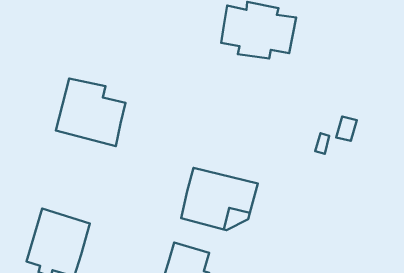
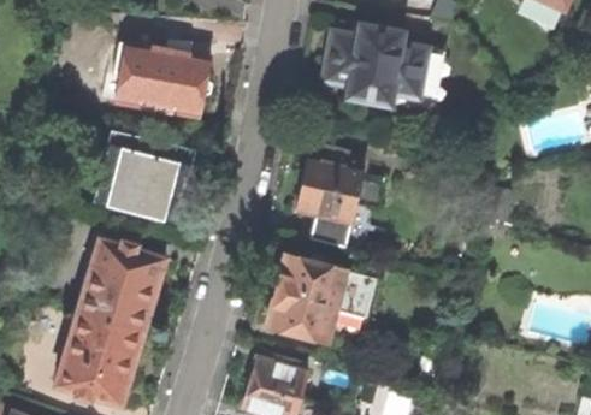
building: none -> [112,41,212,114]
building: none -> [295,150,376,245]
building: none -> [76,238,165,331]

